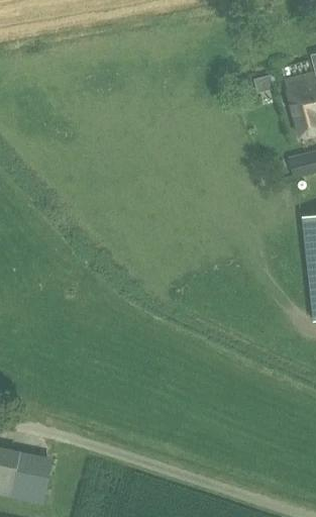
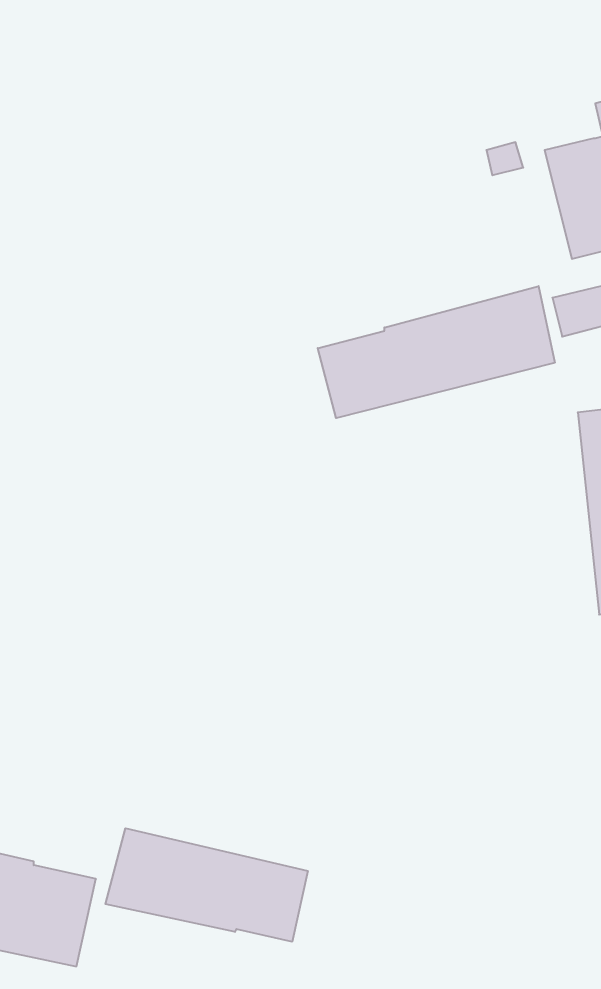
building: none -> [318,286,555,418]
building: none -> [105,828,308,942]

